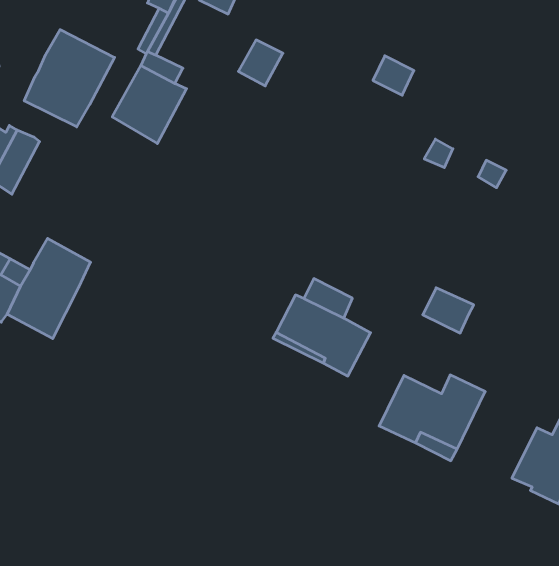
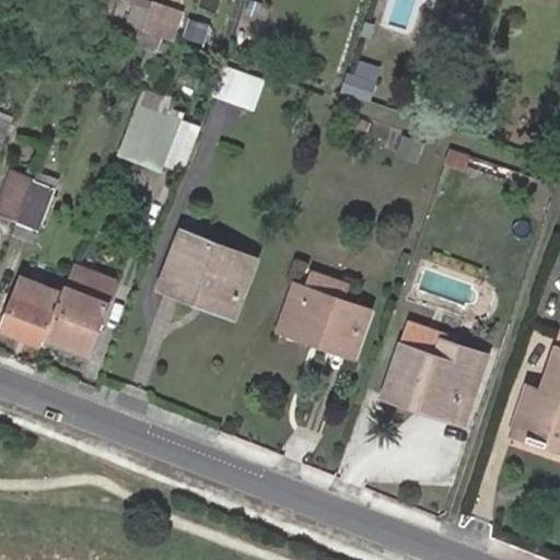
building: [24,30,115,127] -> none
building: none -> [171,234,259,319]
building: [423,288,474,333] -> [401,323,445,360]

